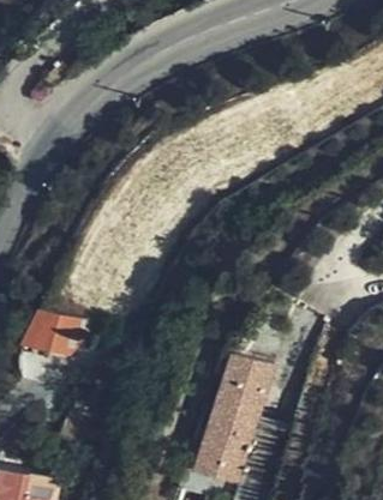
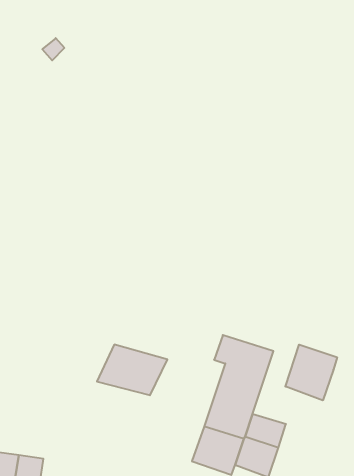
building: [26,311,95,360] -> [97,345,167,395]
building: none -> [285,345,337,400]

